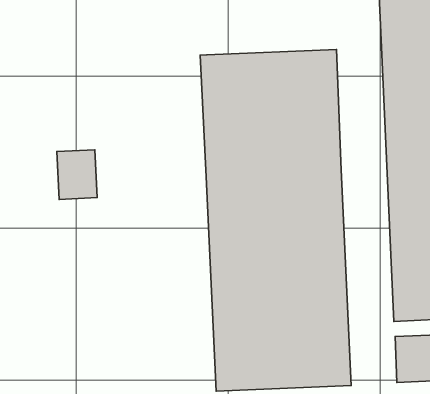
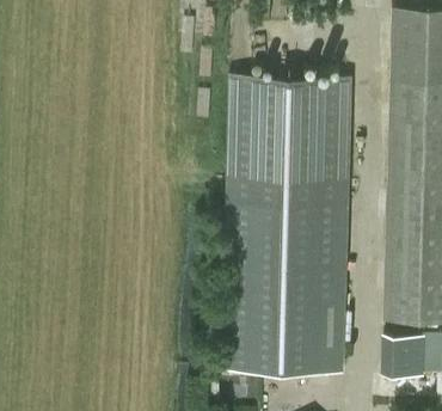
building: [57,150,97,199] -> none

